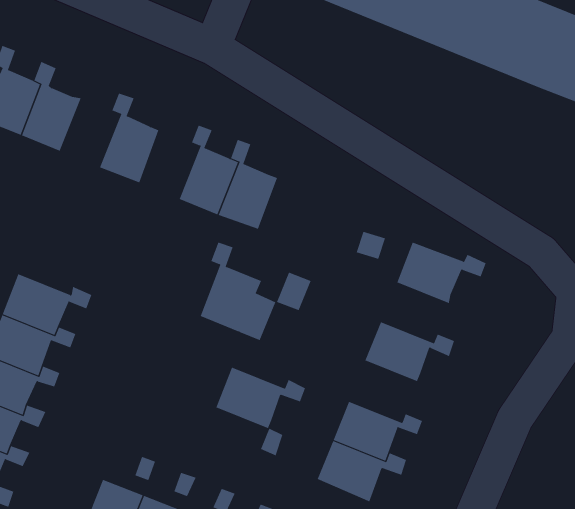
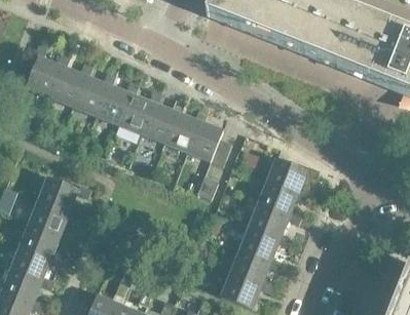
building: none -> [71,63,106,115]
building: none -> [117,81,152,133]
building: [200,242,276,341] -> [186,108,230,165]
building: none -> [257,182,309,216]
building: [215,367,306,429] -> [238,227,291,263]

